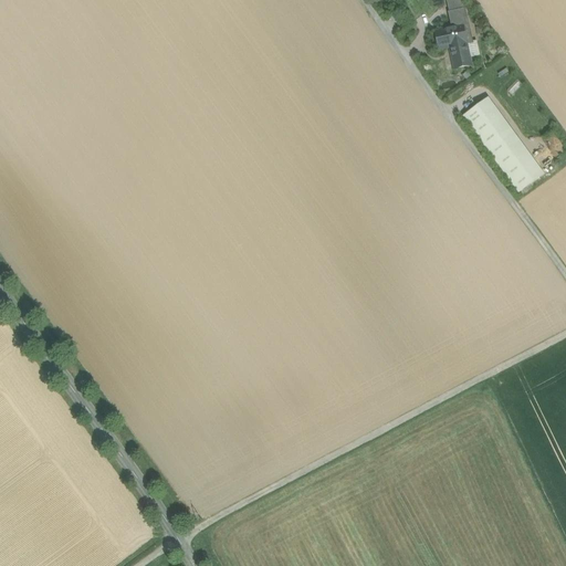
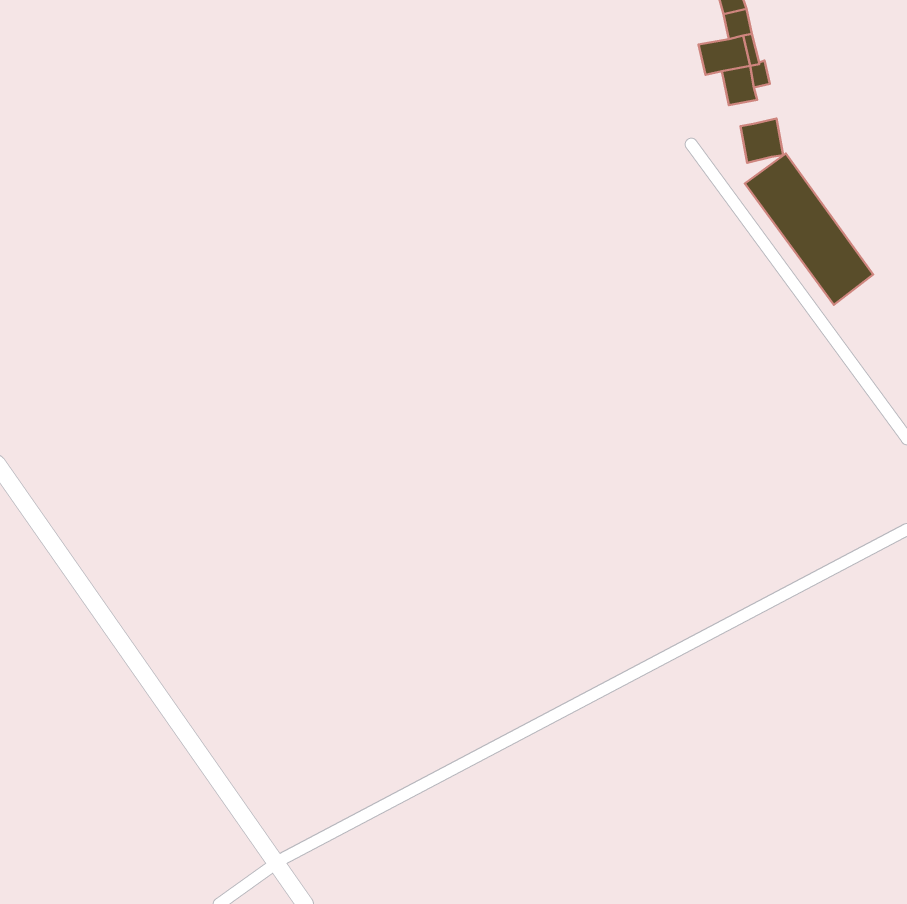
building: none -> [740,119,783,163]

